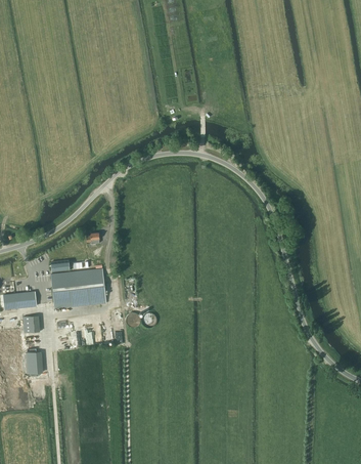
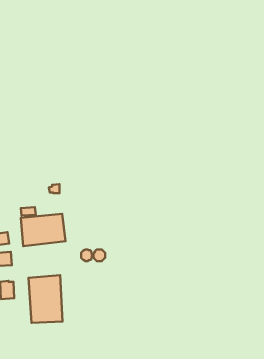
building: none -> [29,275,62,323]

